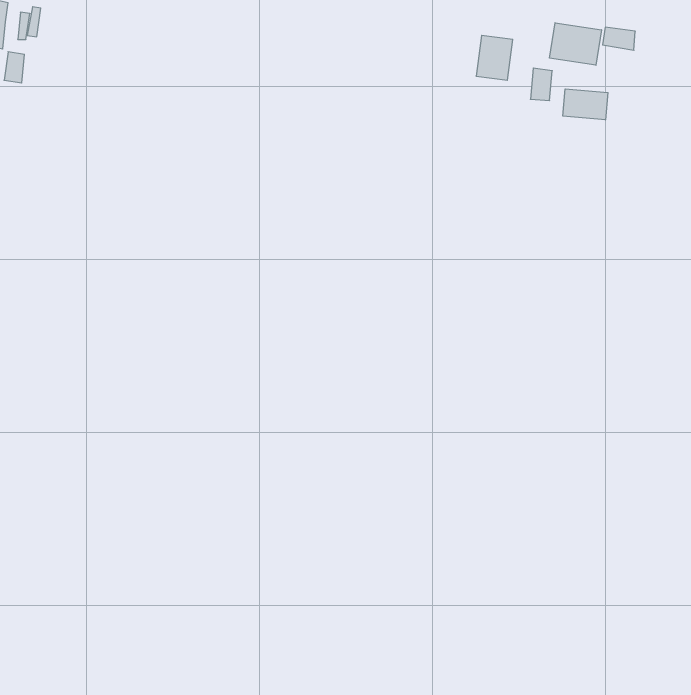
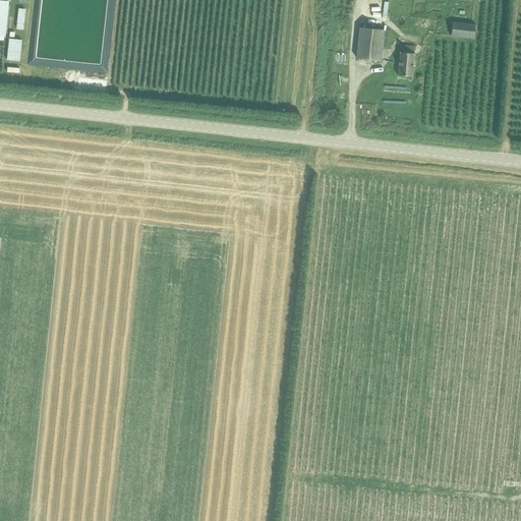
building: [550,23,601,65] -> none
building: [563,89,608,120] -> none

